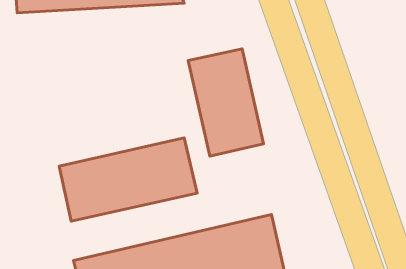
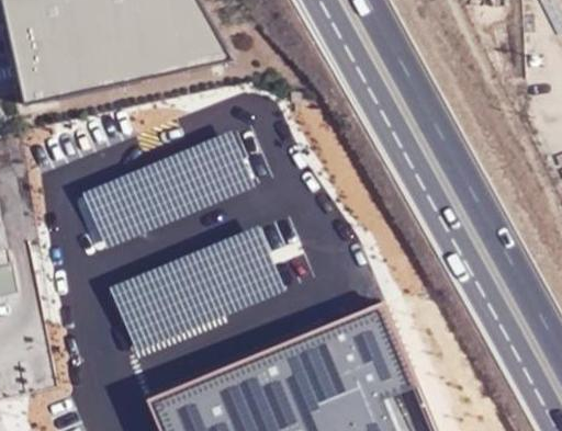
building: [188,49,264,156] -> none
building: none -> [80,132,252,249]

